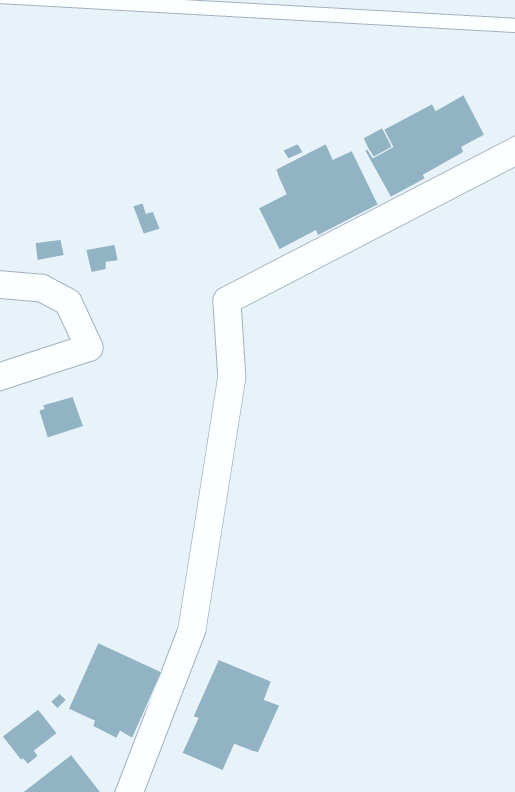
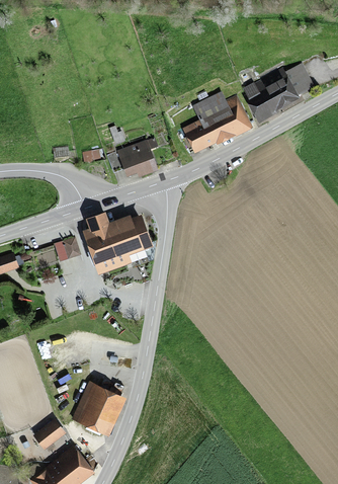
building: none -> [106,138,159,177]
building: none -> [83,211,153,274]
building: [182,659,280,771] -> none

